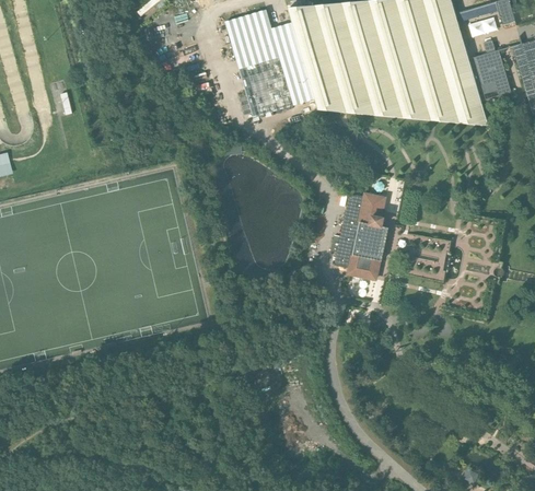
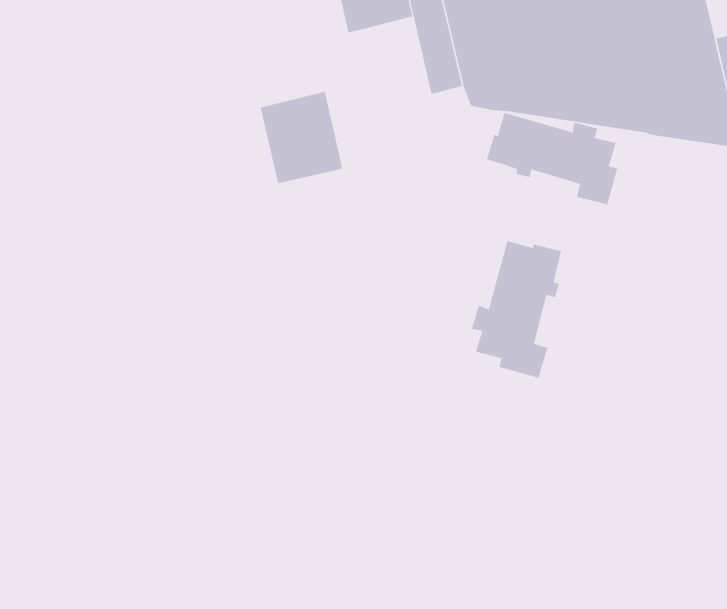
building: [241,57,295,117] -> [260,91,343,184]
building: none -> [486,112,618,206]

